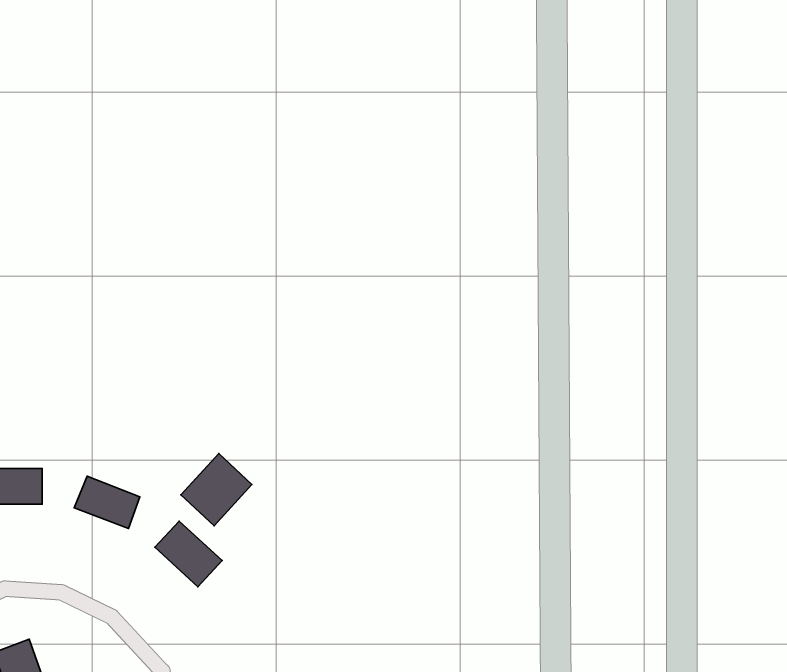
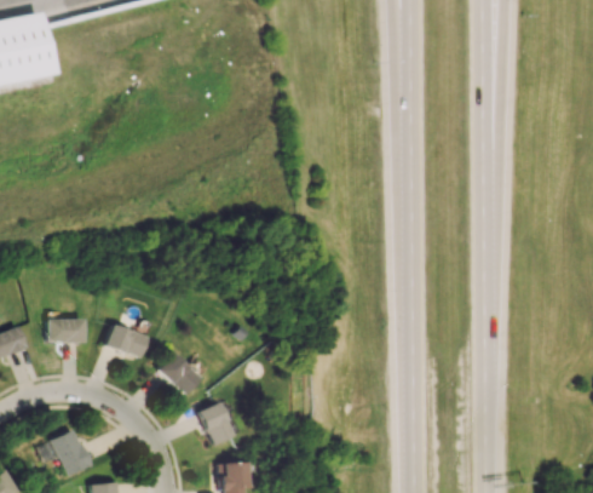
building: [181,453,252,526] -> none
building: none -> [198,401,234,445]

